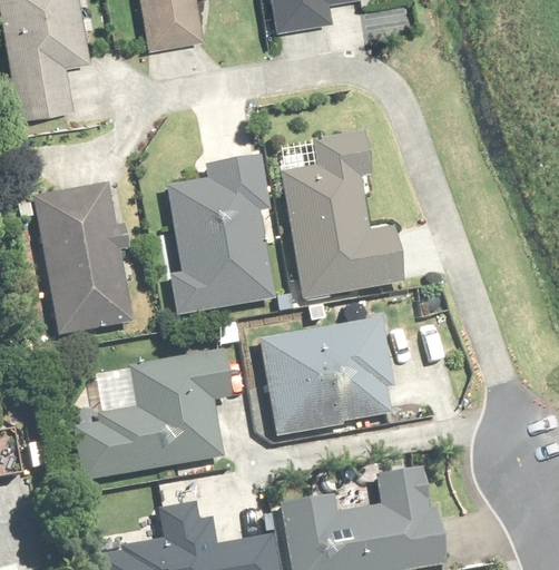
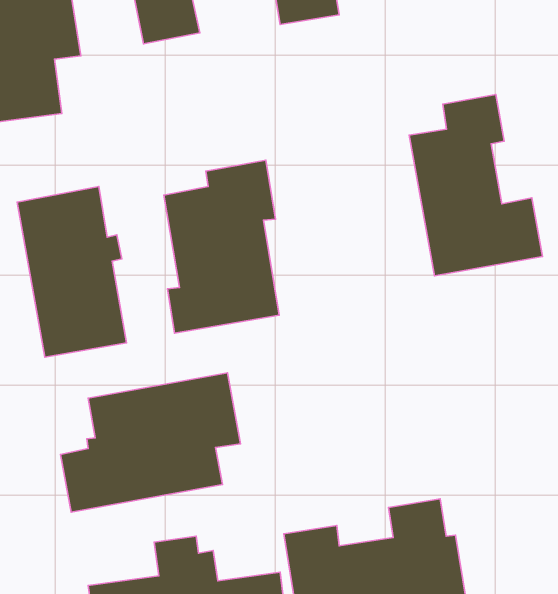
building: [283,131,406,299] -> [409,94,543,276]
building: [262,320,395,435] -> none

